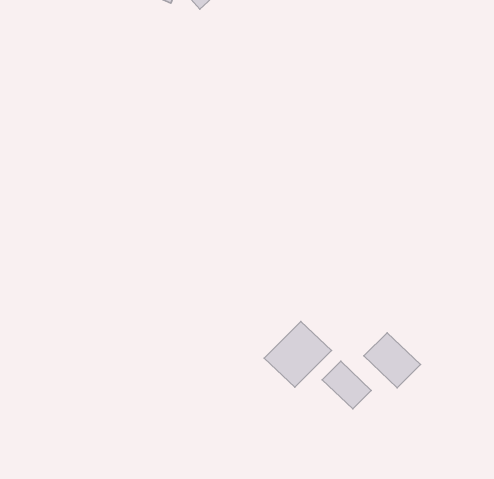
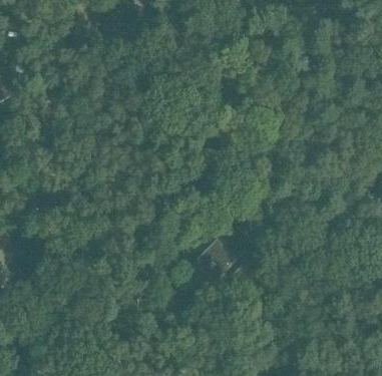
building: [364,333,421,388] -> none

